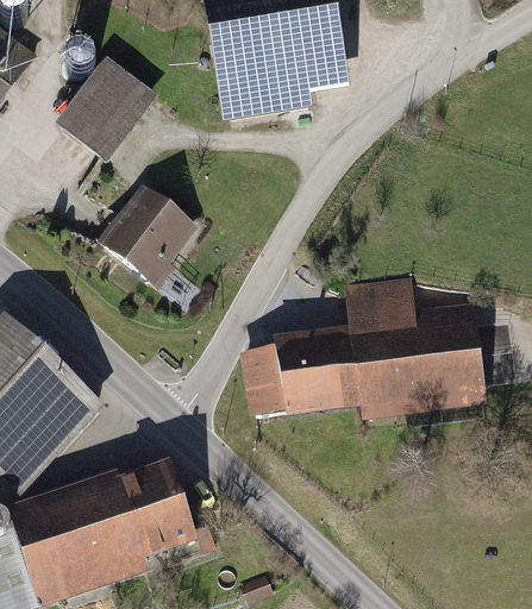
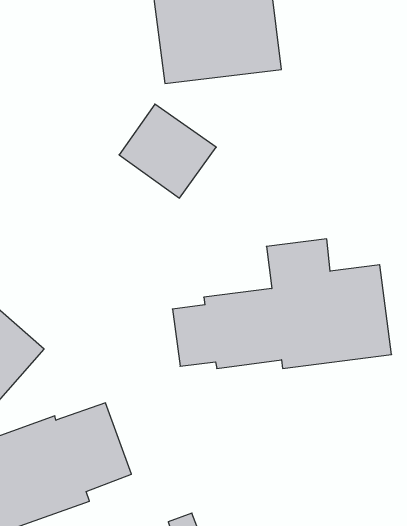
building: [56,55,159,158] -> none
building: [102,183,209,287] -> [119,104,216,198]

